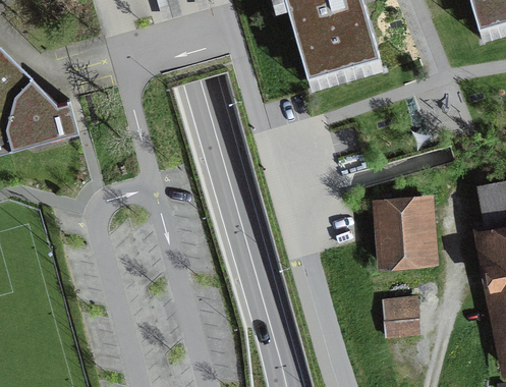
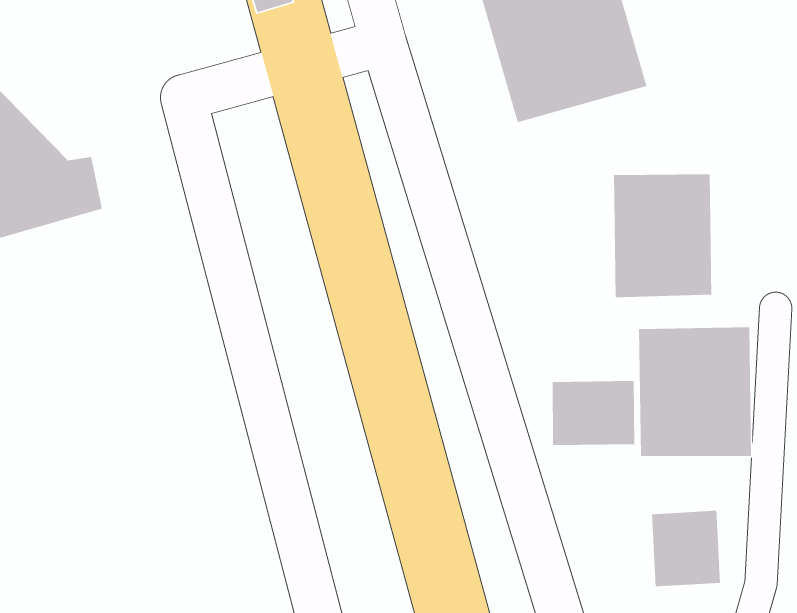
building: none -> [613,174,712,298]
building: none -> [552,380,635,446]

